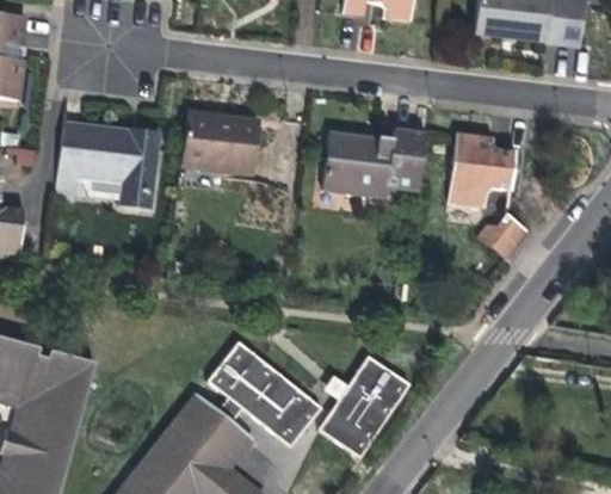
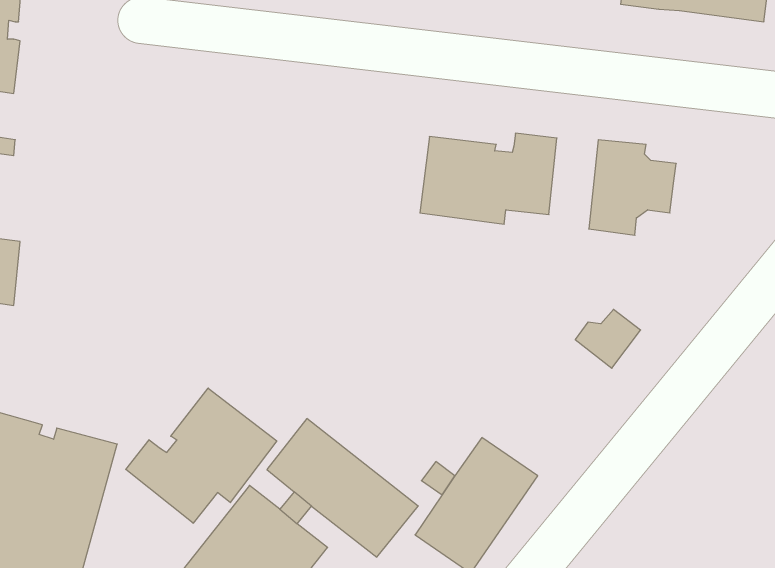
building: [181,113,259,173] -> none
building: [55,124,160,208] -> none
building: [477,214,526,258] -> [575,309,641,368]
building: none -> [126,388,277,523]

